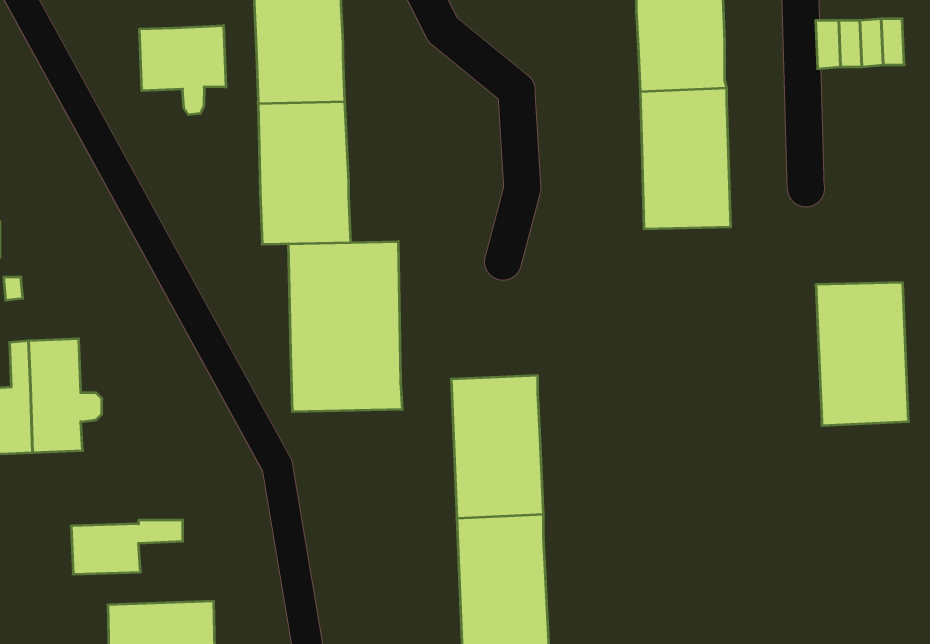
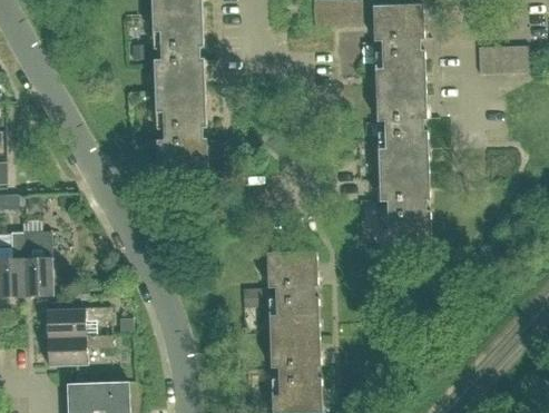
building: [140,25,226,115] -> none
building: [288,241,402,412] -> none
building: [816,283,909,425] -> [378,166,431,248]
building: none -> [47,307,111,338]

